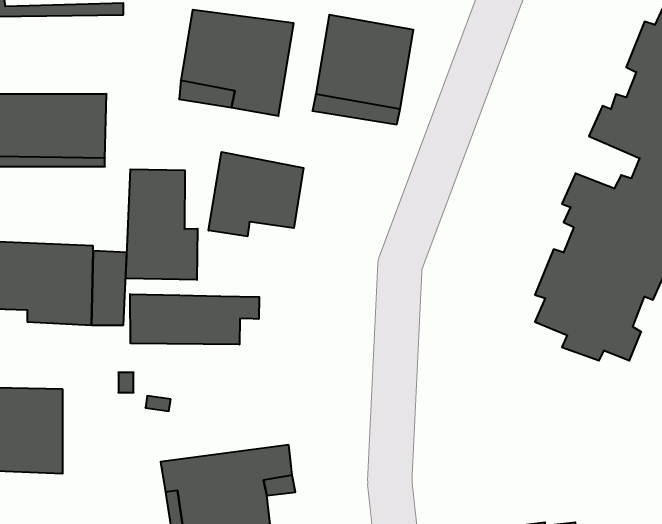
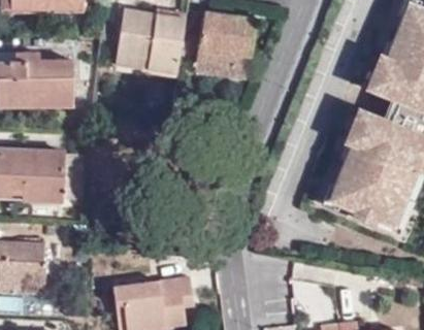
building: [209,152,304,236] -> none
building: [126,169,198,280] -> none
building: [130,294,259,345] -> none

